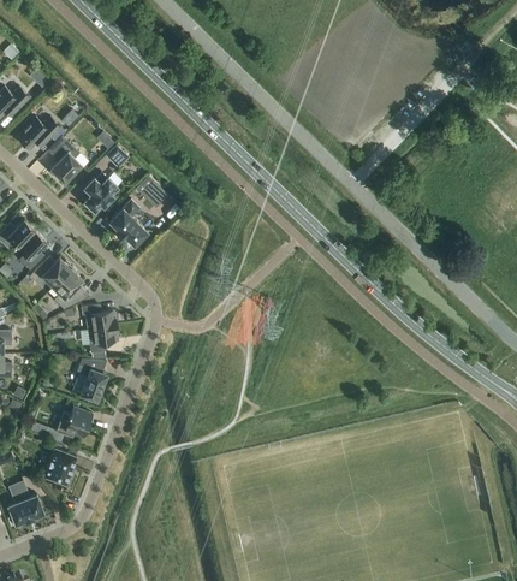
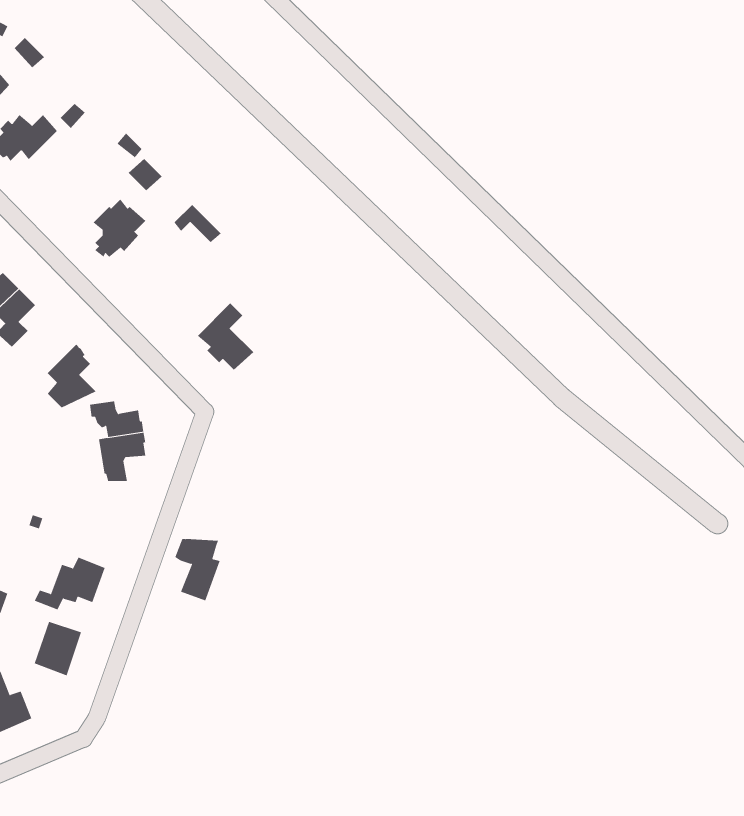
building: [50,141,81,182] -> none
building: [109,200,147,244] -> [197,303,254,371]
building: [29,257,72,286] -> none
building: [77,360,107,401] -> [175,539,221,601]

